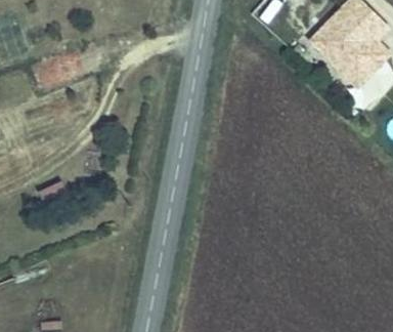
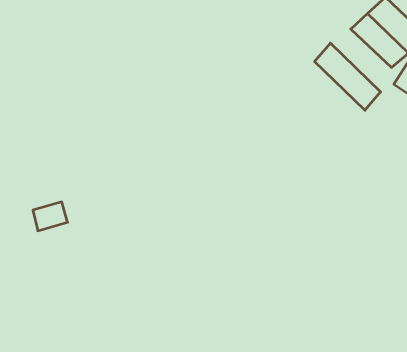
building: none -> [315,43,381,110]

